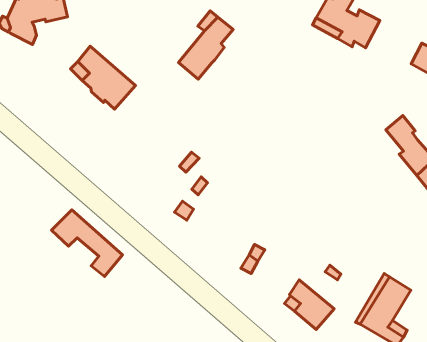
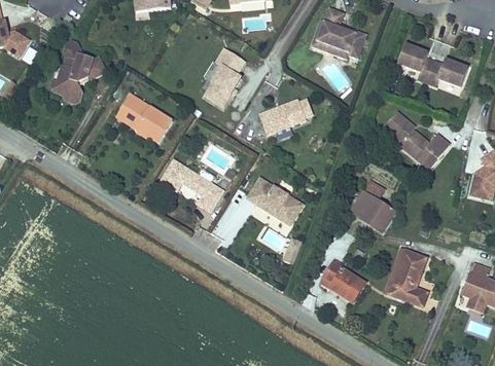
building: none -> [259,100,313,139]
building: none -> [247,176,299,221]
building: none -> [351,178,397,232]
building: [51,210,123,277] -> [157,158,220,210]

